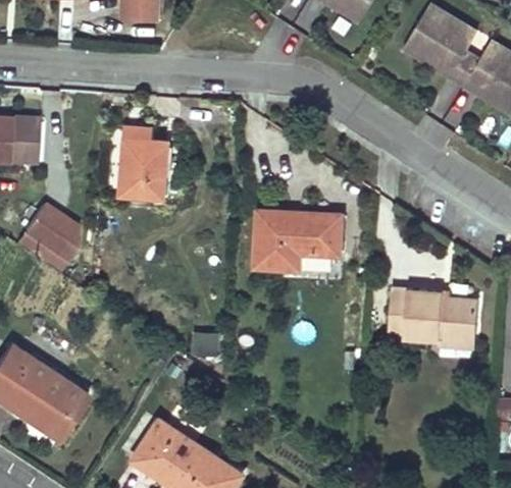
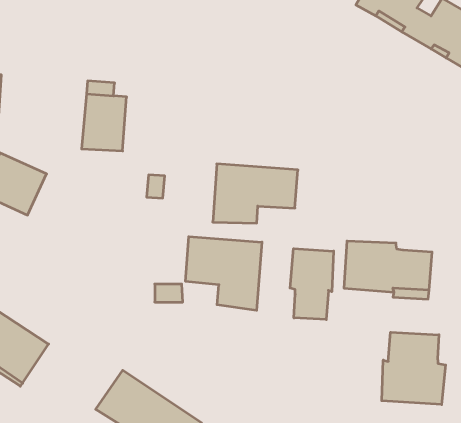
building: none -> [186,237,262,310]
building: none -> [290,249,334,320]
building: none -> [382,332,446,405]

